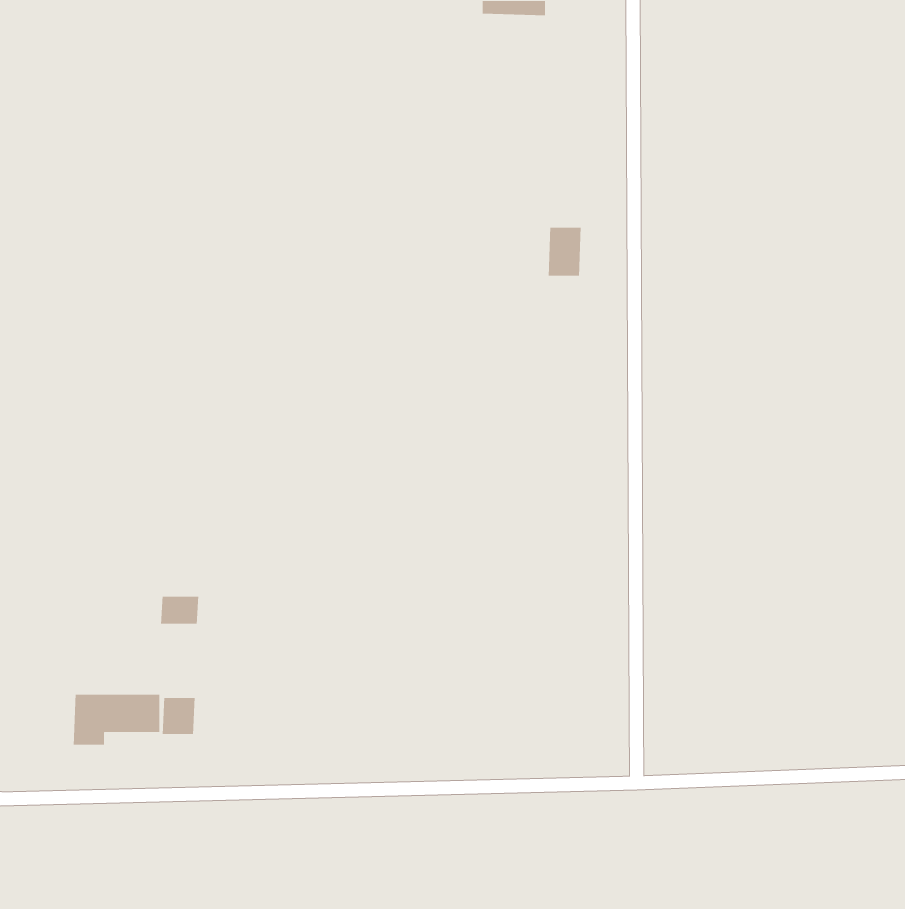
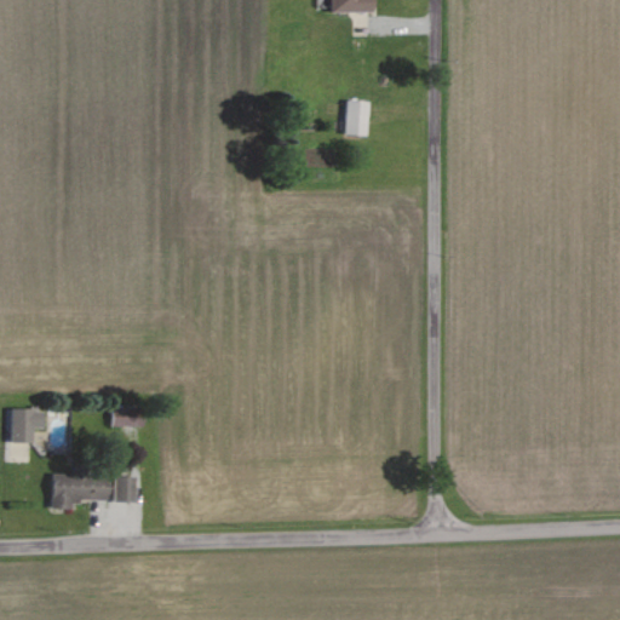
building: [548,227,582,277] -> [346,99,369,133]
building: none -> [12,408,45,442]

